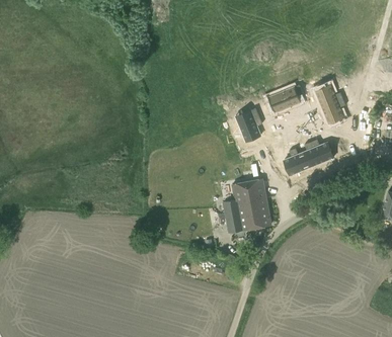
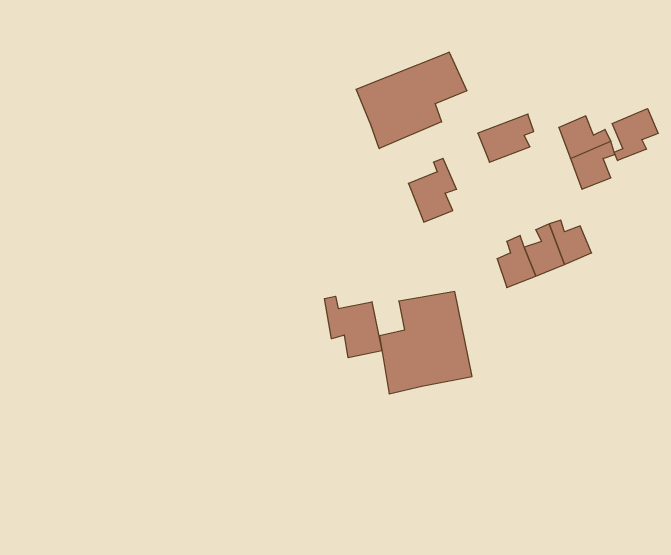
building: none -> [356,52,467,149]
building: none -> [612,109,658,161]
building: none -> [324,296,382,358]

